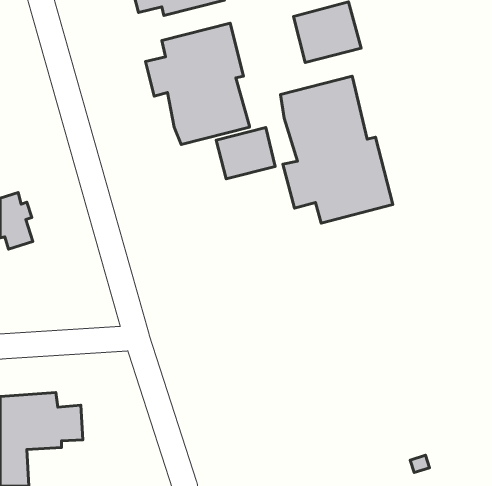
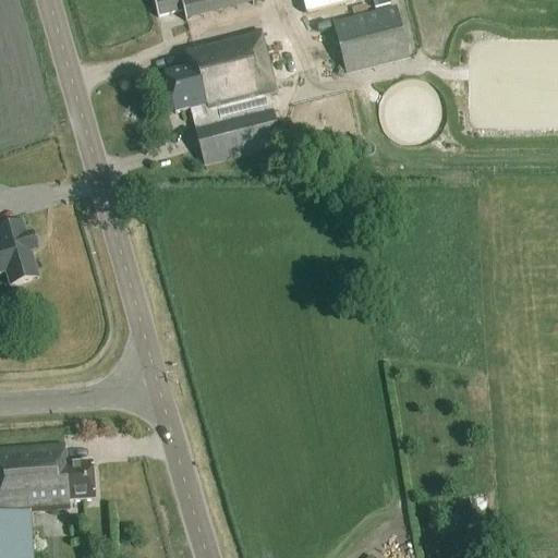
building: [280,76,393,223] -> none
building: [216,128,275,179] -> none

